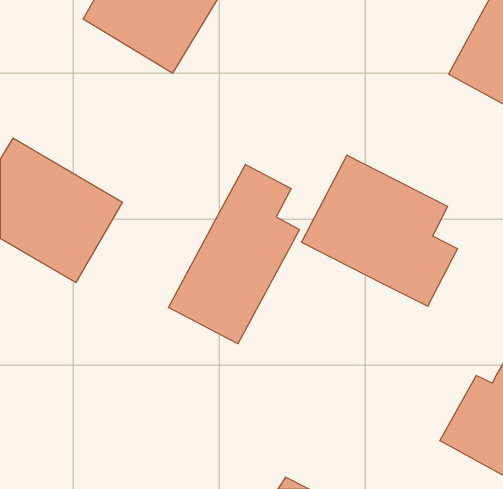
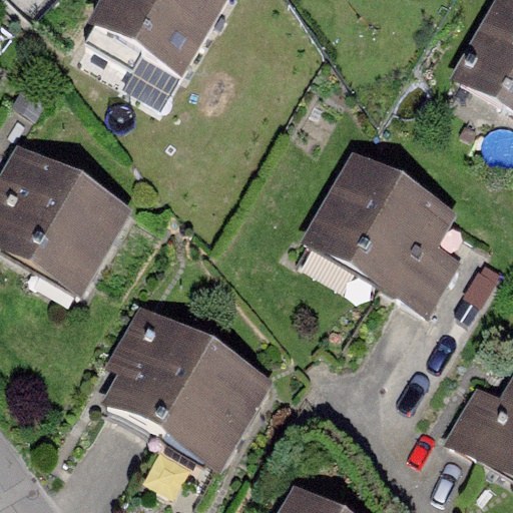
building: [168,164,299,344] -> none
building: none -> [95,312,272,474]

